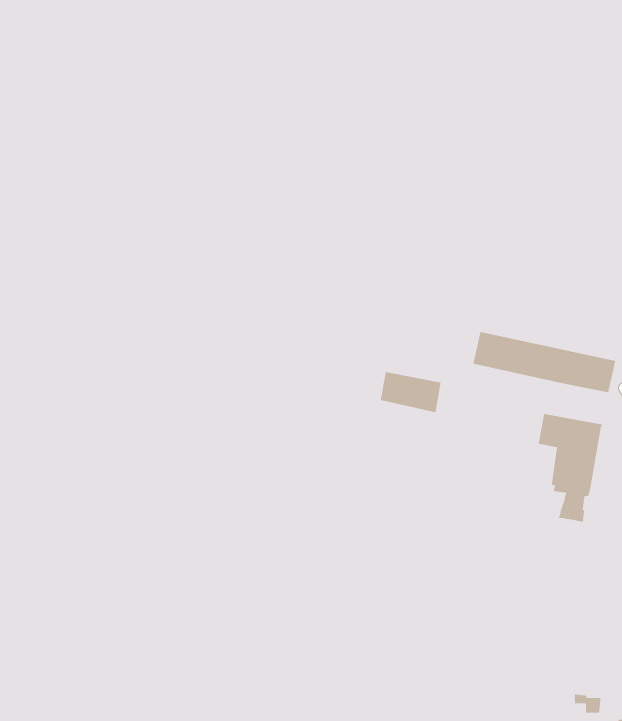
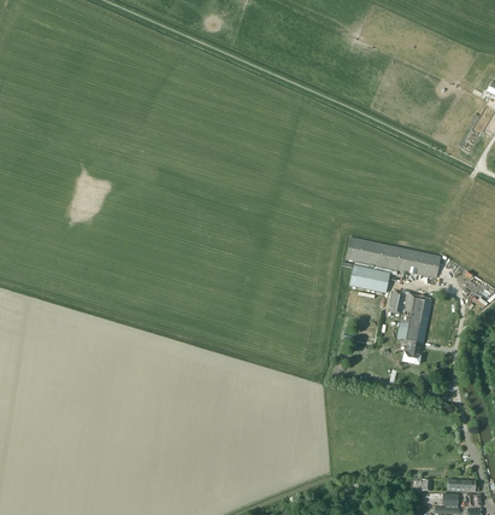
building: [380,371,442,413] -> [349,265,390,293]

